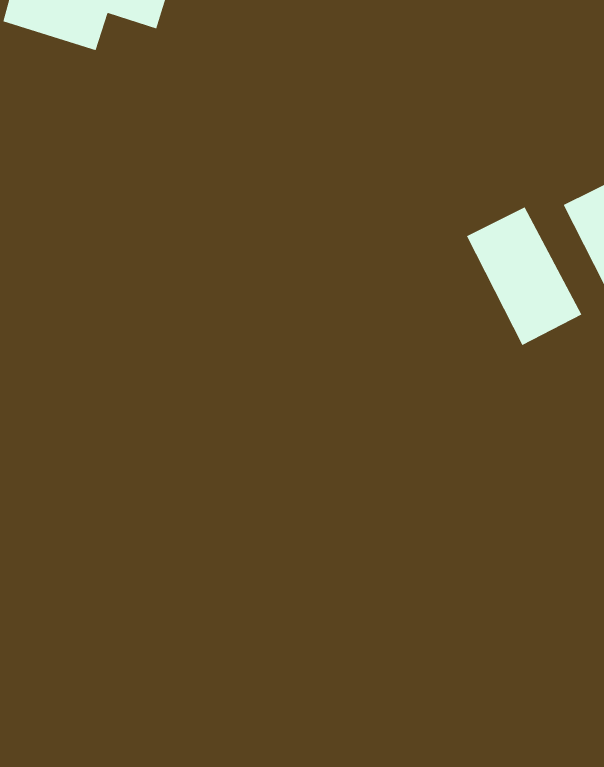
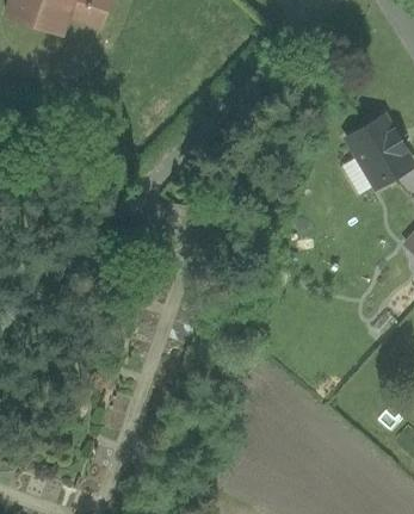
building: [466,207,582,346] -> none

